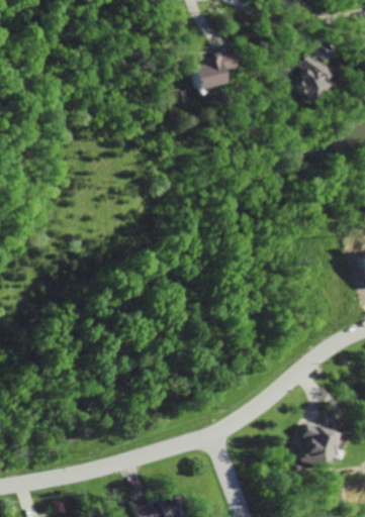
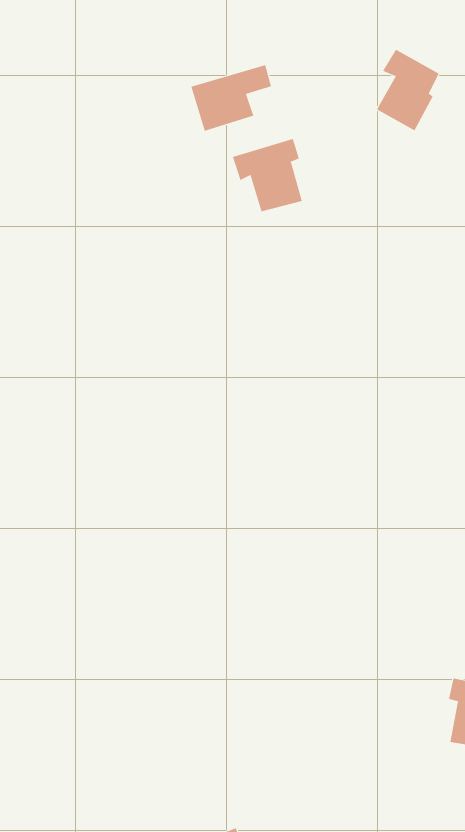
building: none -> [232,138,302,212]

